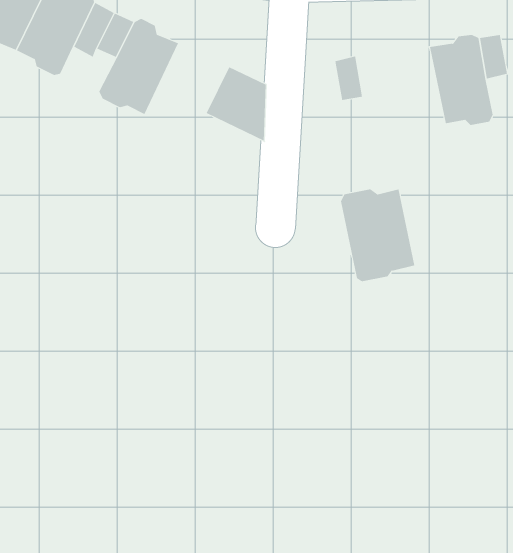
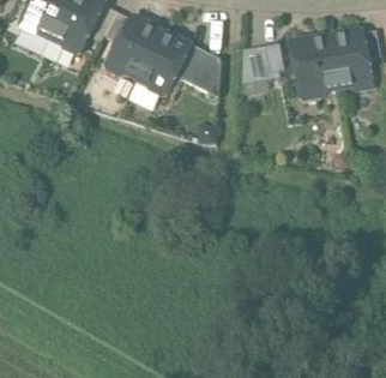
building: none -> [137,32,189,96]
building: none -> [241,44,270,83]
building: [340,189,415,282] -> [288,35,338,97]

